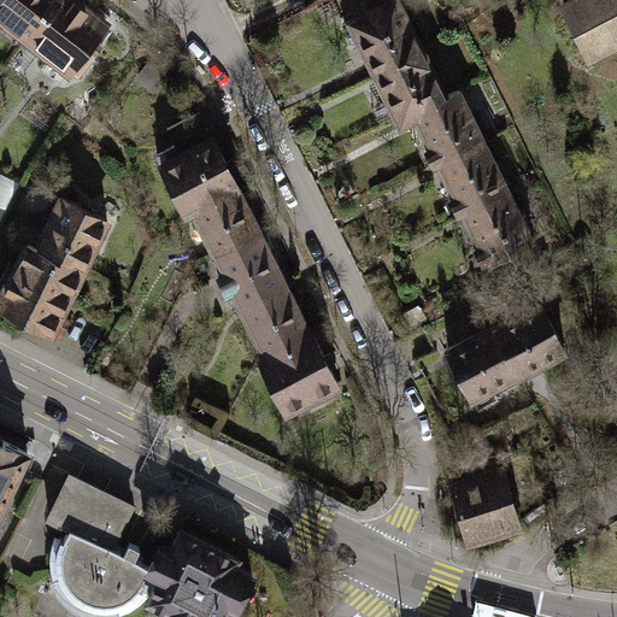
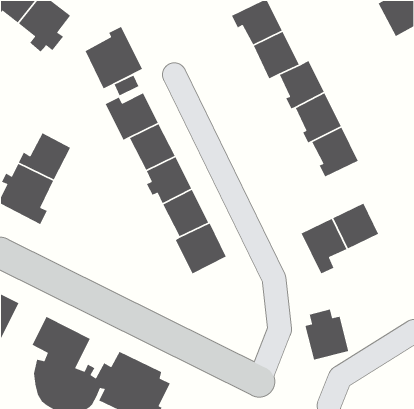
building: none -> [84,26,143,89]

